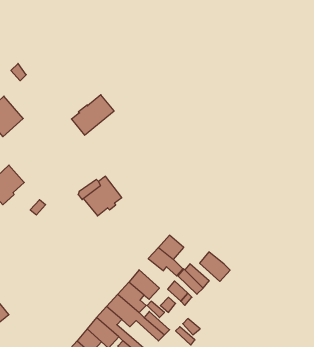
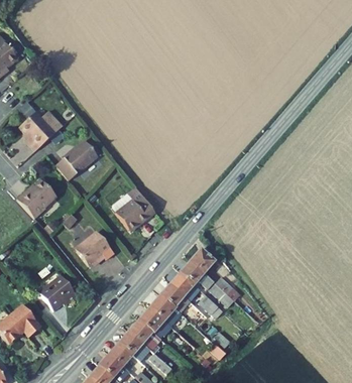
building: [71,95,114,135] -> [54,140,97,180]
building: none -> [76,231,114,267]
building: [200,252,230,281] -> [169,272,200,301]
building: none -> [36,276,77,309]

